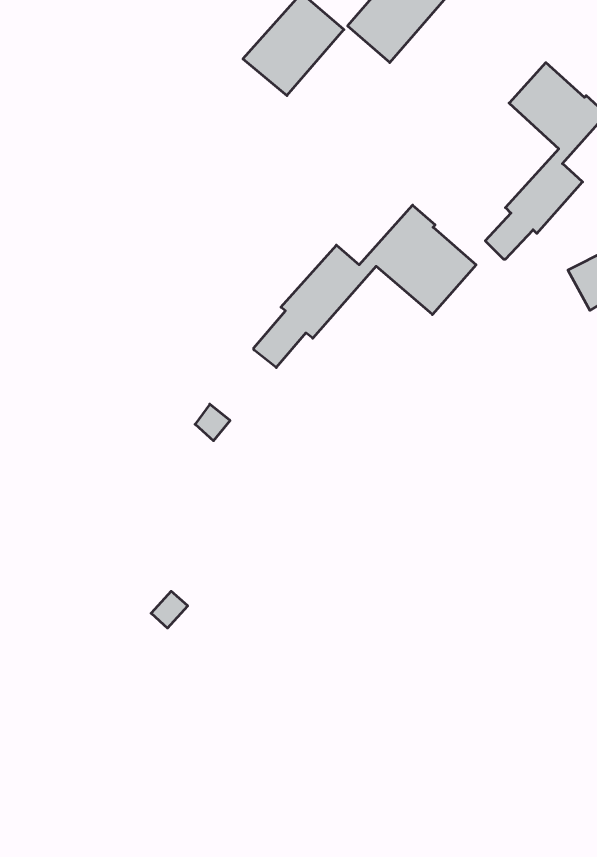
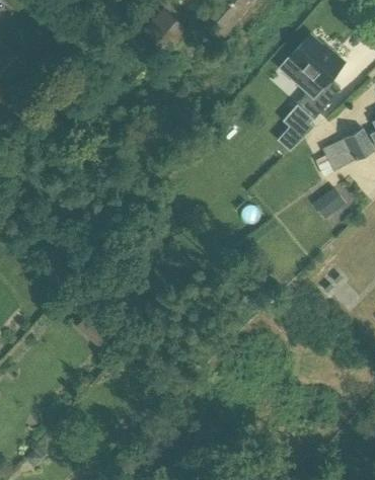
building: [254,205,476,368] -> none

